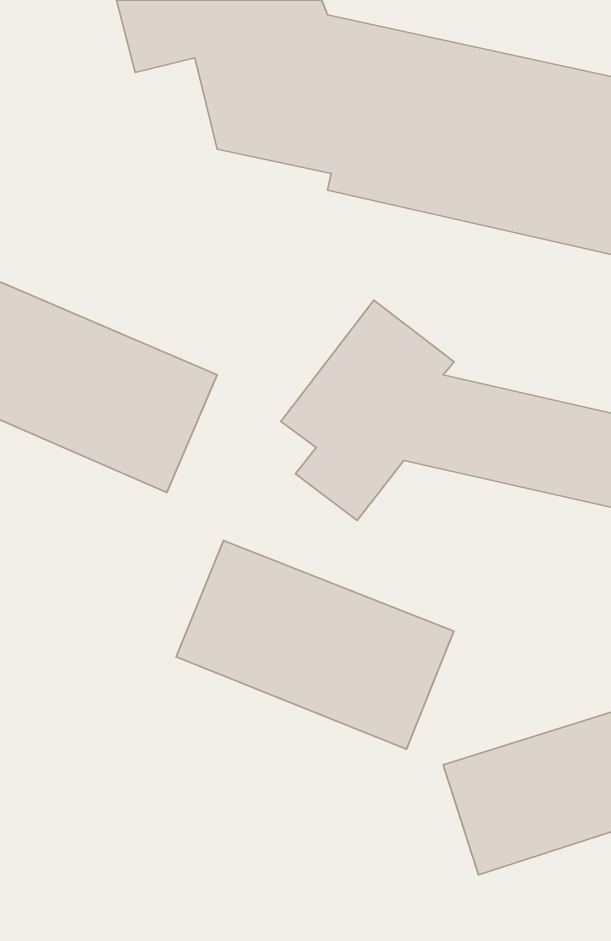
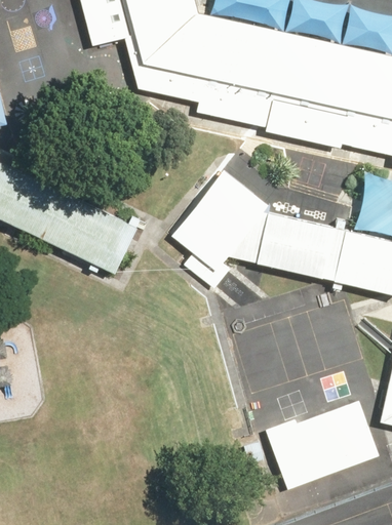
building: [176,540,454,749] -> none

